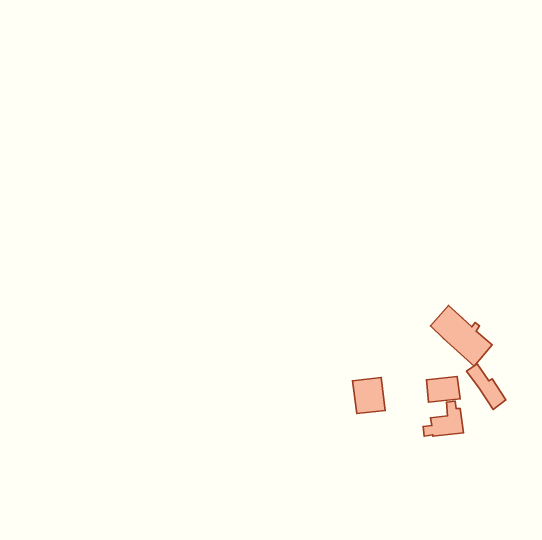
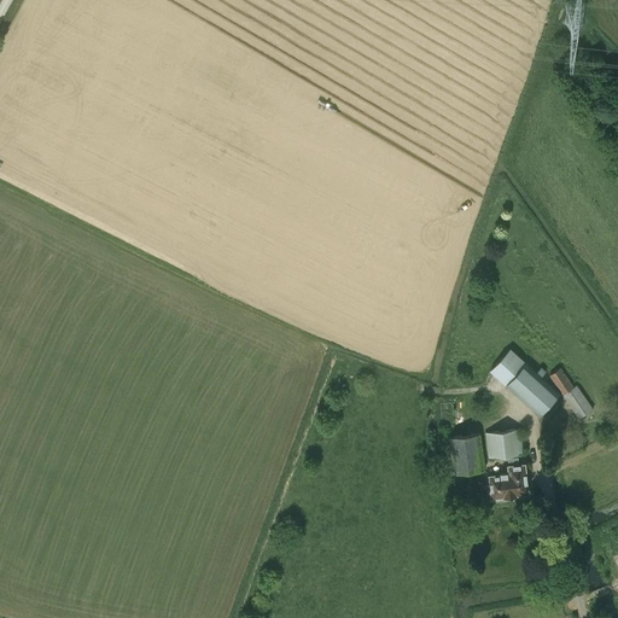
building: [467,364,506,409] -> [548,369,593,421]
building: [352,378,385,414] -> [448,435,485,476]

